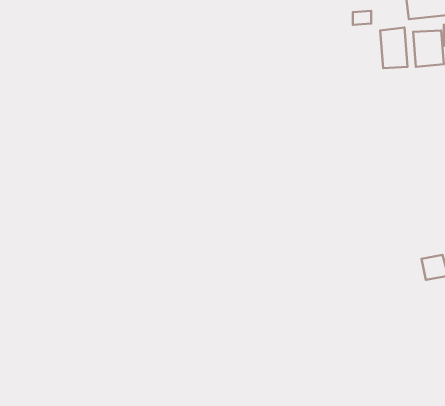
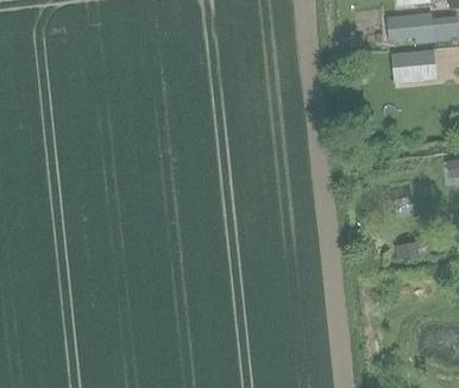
building: [380,28,408,68] -> none

